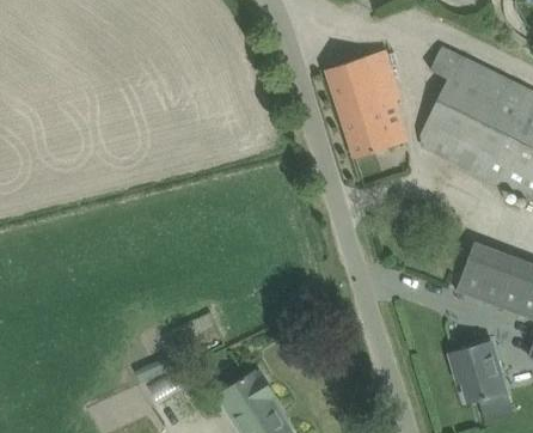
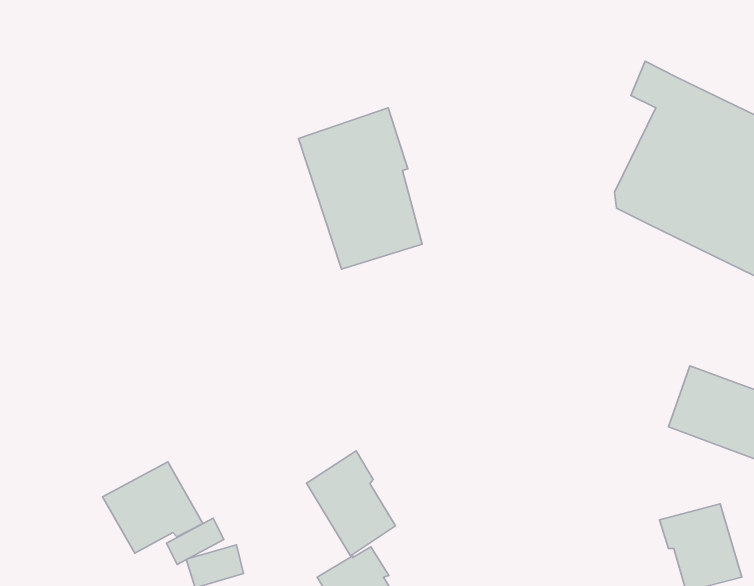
building: [325,49,408,157] -> [298,108,422,269]
building: none -> [307,451,396,556]
building: none -> [102,462,203,553]

